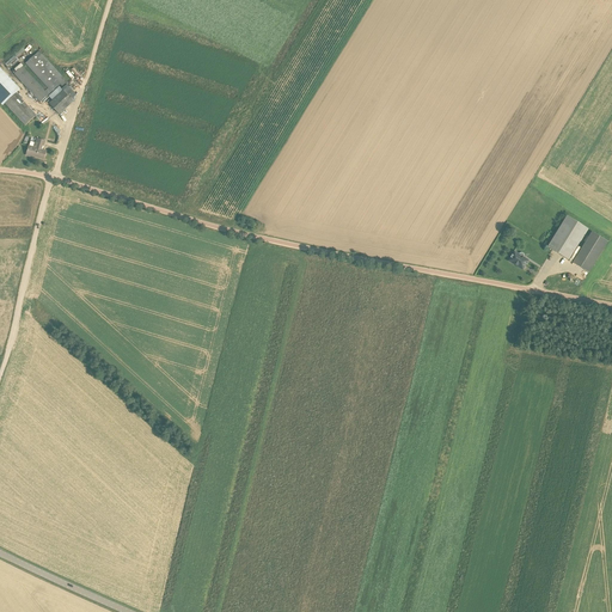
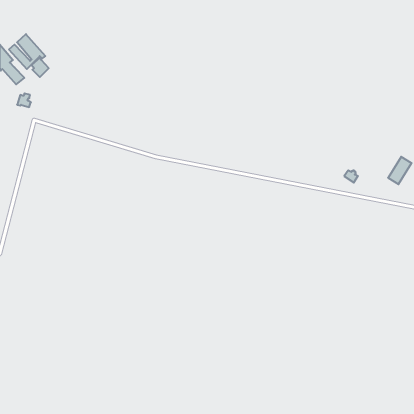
building: [546,215,587,259] -> none

